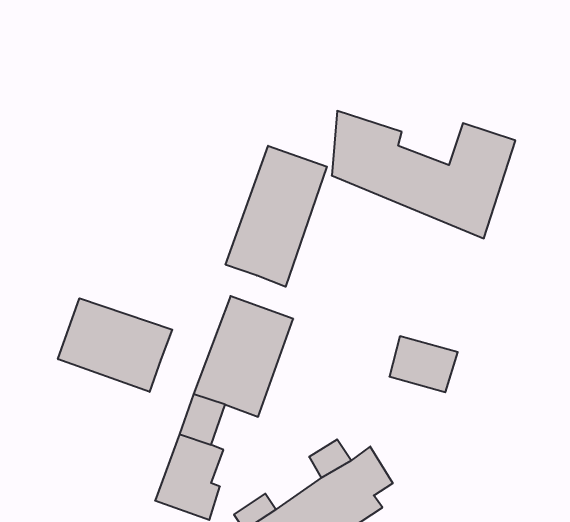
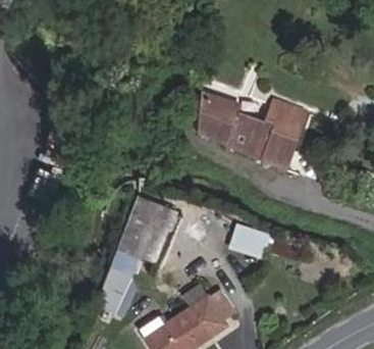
building: [226,146,327,287] -> none
building: [58,298,172,392] -> none

